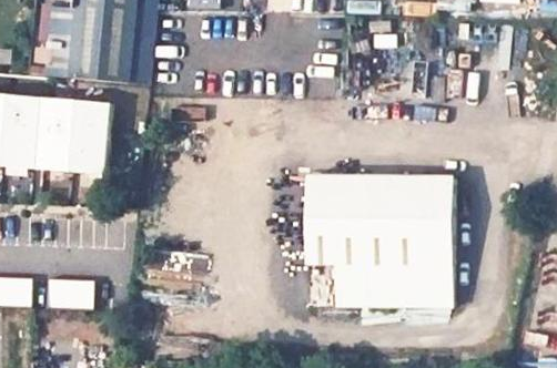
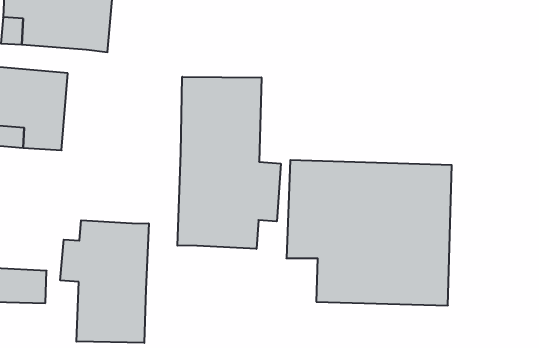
building: none -> [177,77,281,249]
building: none -> [60,220,149,343]

